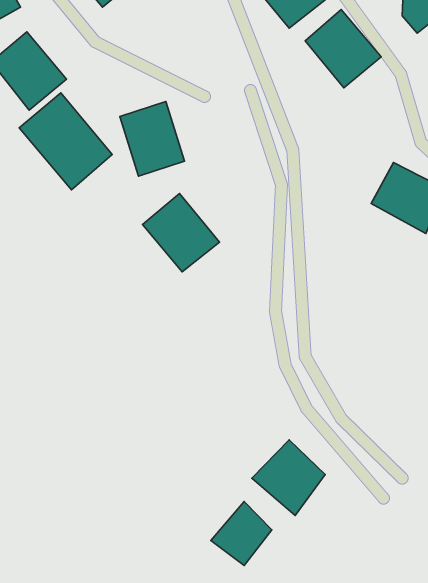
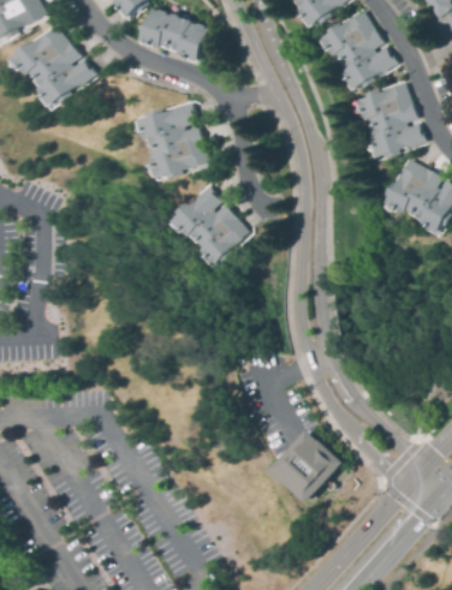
building: none -> [149,13,210,58]
building: none -> [359,83,422,154]
building: [19,93,112,190] -> none
building: [211,502,272,566] -> none

